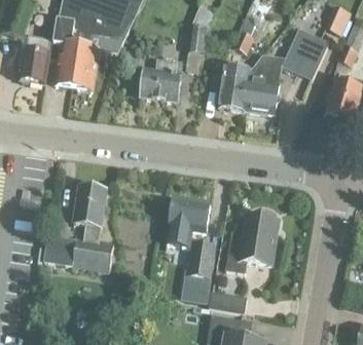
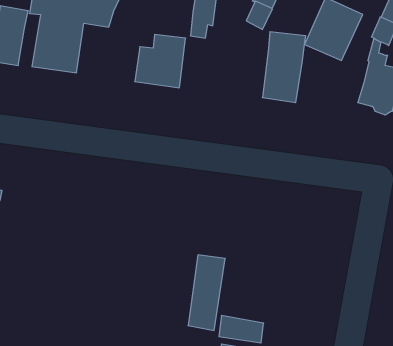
building: [217,66,250,112] -> none
building: [42,185,112,272] -> none
building: [166,199,208,246] -> none
building: [224,212,277,273] -> none

